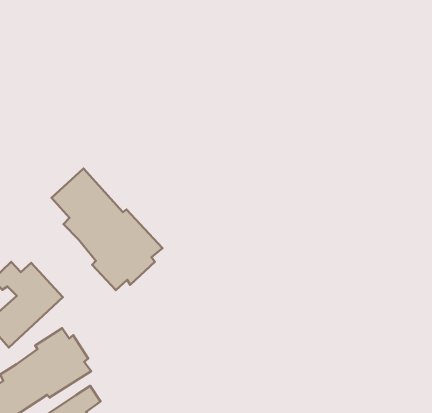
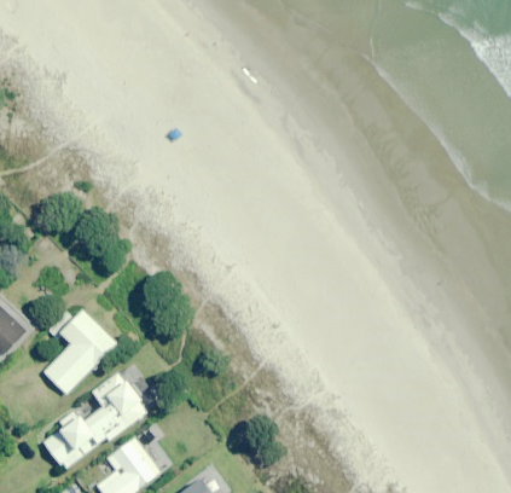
building: [52,168,163,290] -> none

